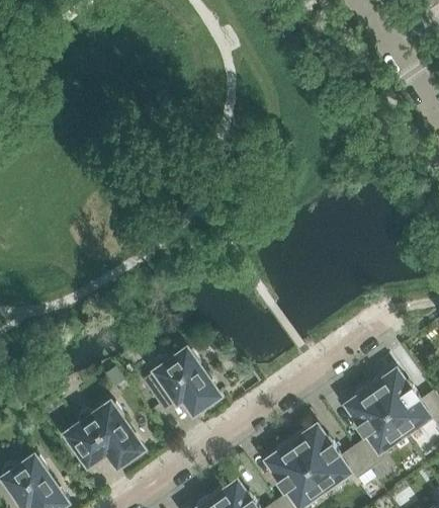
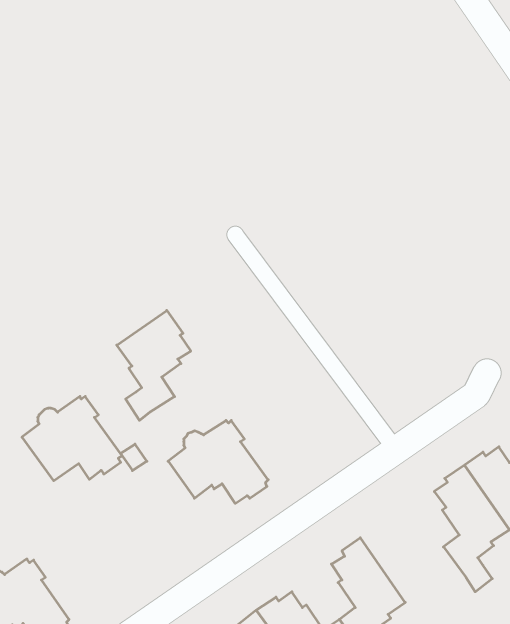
building: none -> [117,310,191,420]
building: [66,404,143,469] -> [22,396,122,481]
building: [289,426,370,490] -> none

